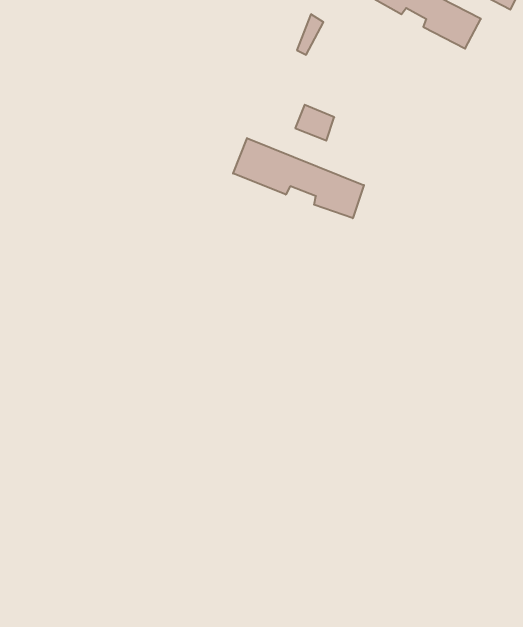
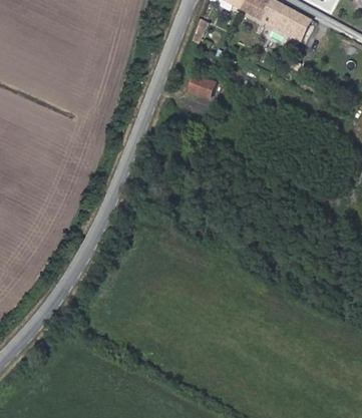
building: [233,138,364,218] -> none

